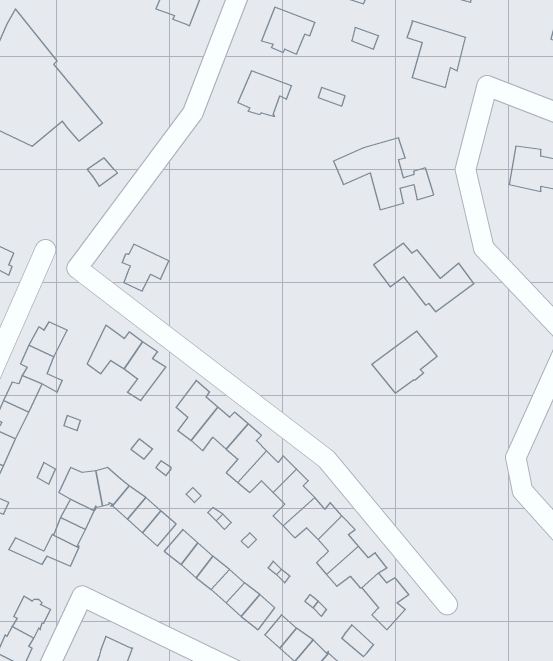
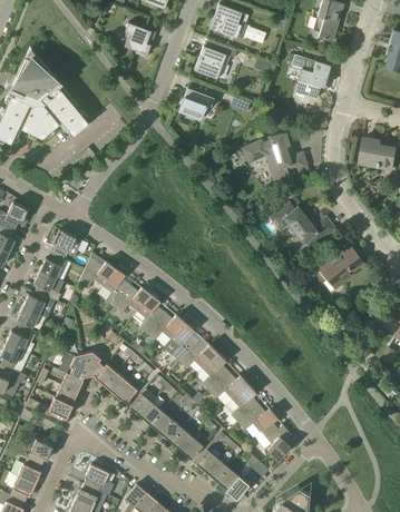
building: [122,244,169,291] -> [51,229,82,260]
building: [372,331,437,393] -> [320,247,363,288]
building: none -> [114,285,150,314]

